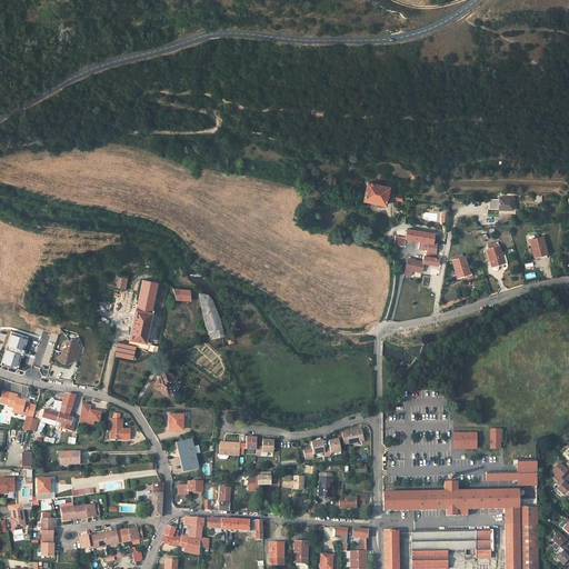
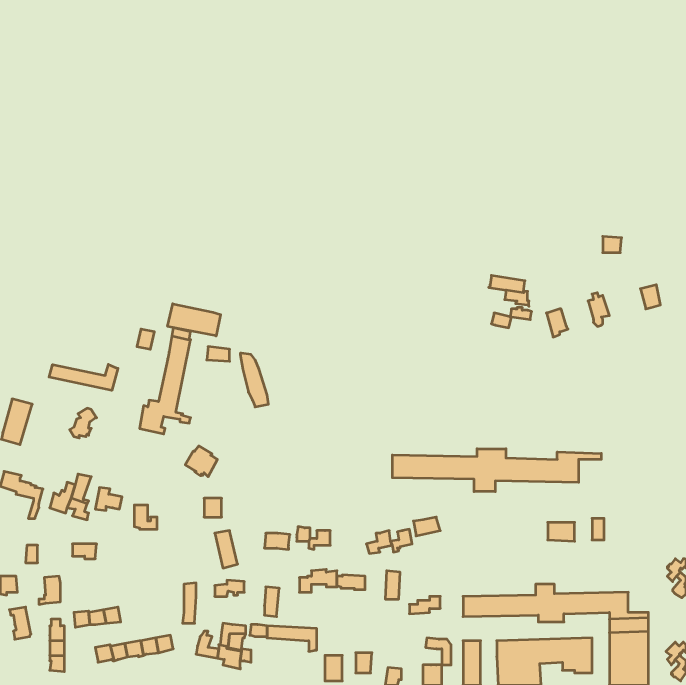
building: [363,173,389,204] -> none
building: none -> [168,304,221,336]
building: none -> [49,364,118,390]
building: none -> [392,449,601,492]
building: [489,462,536,485] -> none

